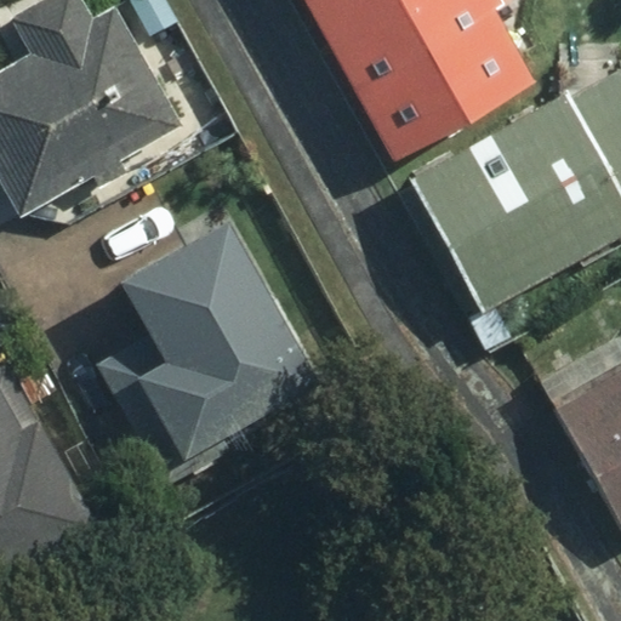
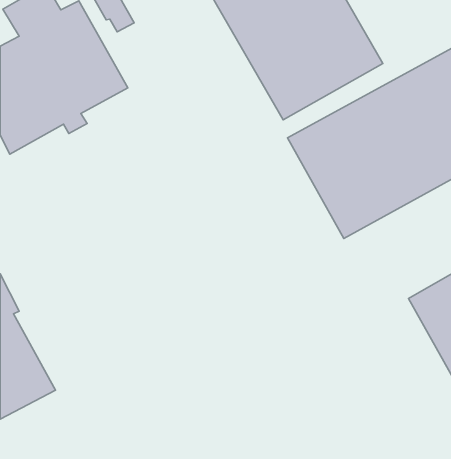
building: [95,223,300,483] -> none

